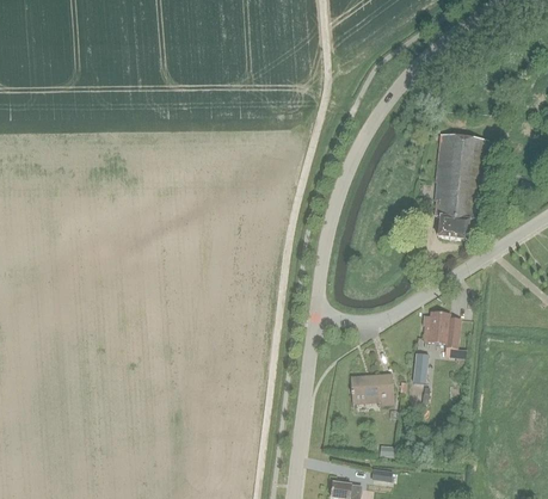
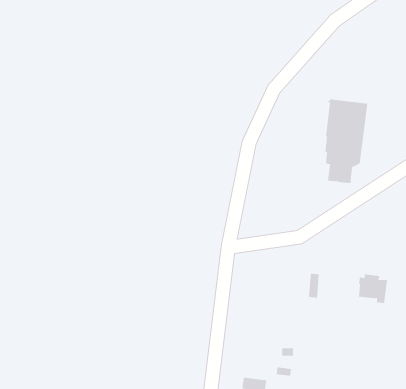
building: [423,312,460,349] -> [358,274,388,303]
building: [350,372,400,405] -> none

